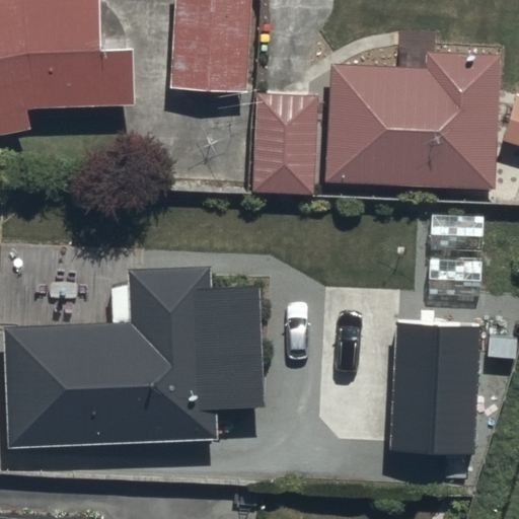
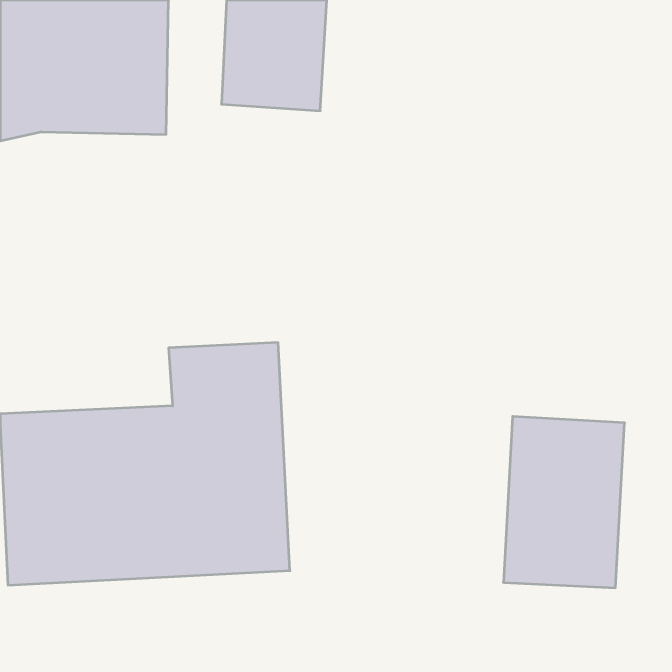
building: [327,67,499,189] -> none
building: [252,90,317,189] -> none

